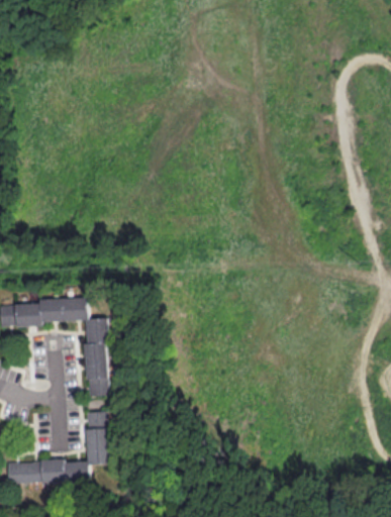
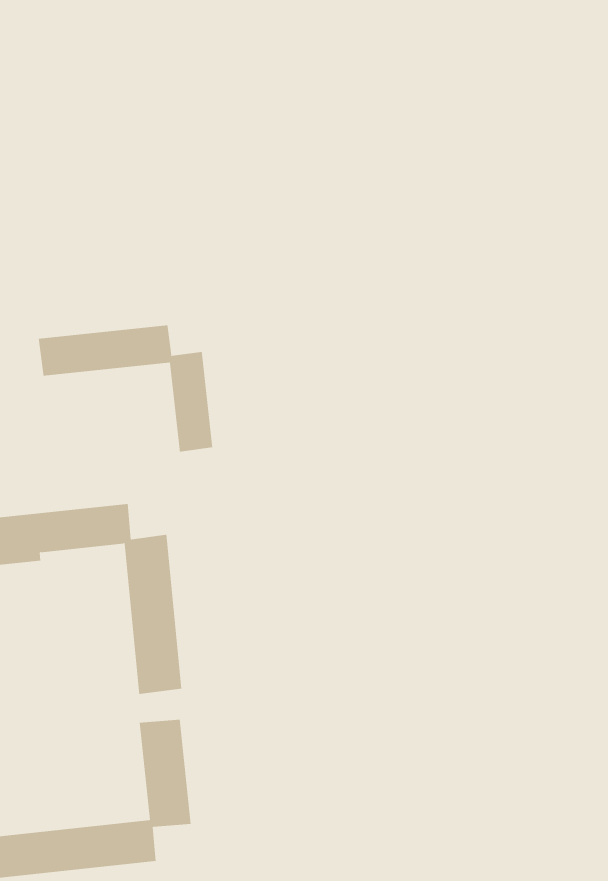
building: none -> [38,324,213,452]

